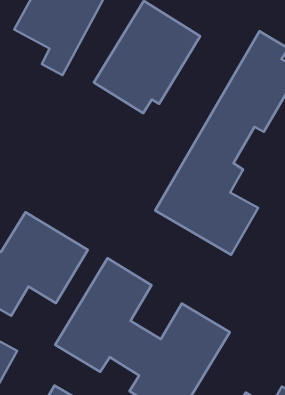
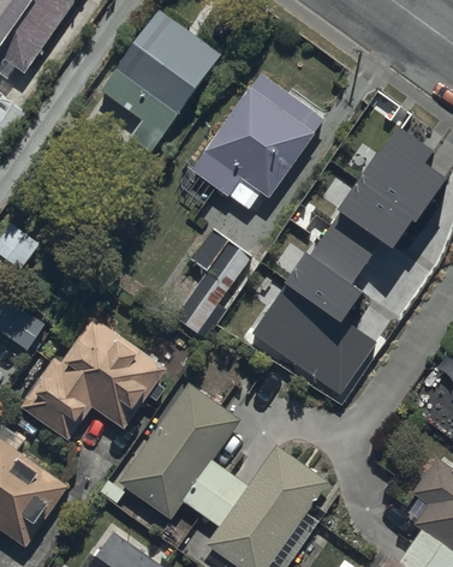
building: none -> [178,229,252,330]

